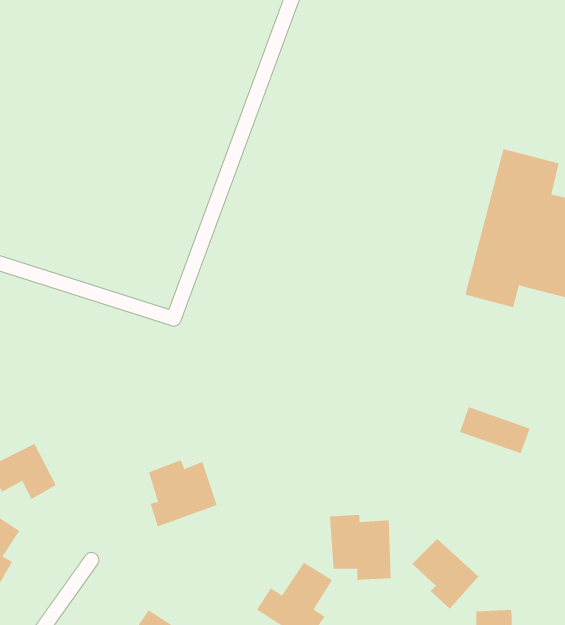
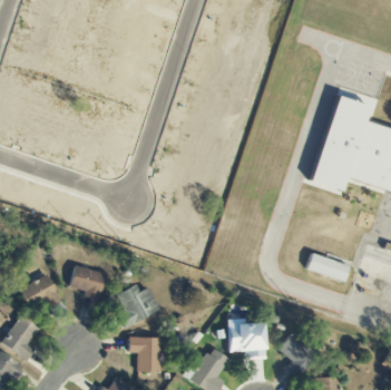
building: none -> [69,264,106,299]
building: none -> [128,337,162,372]

